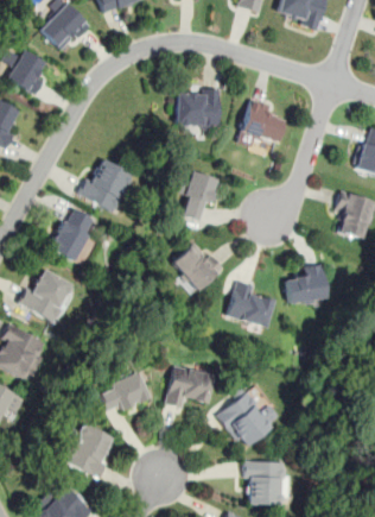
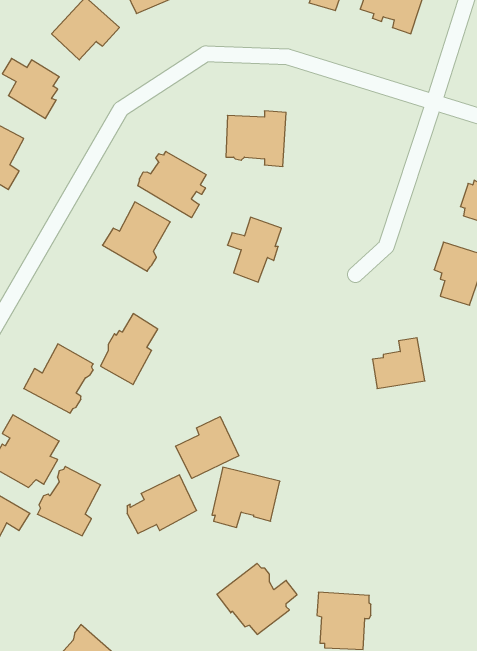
building: [237,99,286,146] -> none
building: none -> [138,151,206,218]
building: [50,207,94,261] -> [101,314,158,385]
building: [173,242,223,291] -> none
building: [227,280,274,328] -> none
building: none -> [176,417,239,478]
building: [217,392,279,447] -> [217,563,297,634]
building: [64,424,113,478] -> [37,466,101,536]

